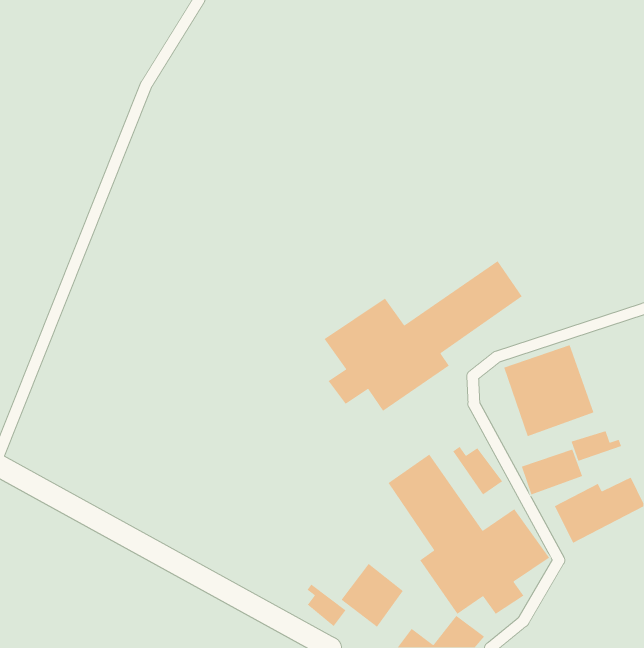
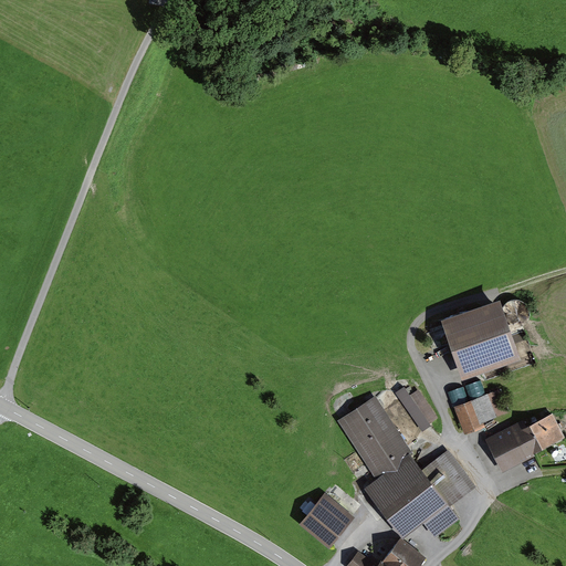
building: [324,260,523,412] -> none
building: [570,430,622,462] -> none
building: [307,584,346,627] -> none

